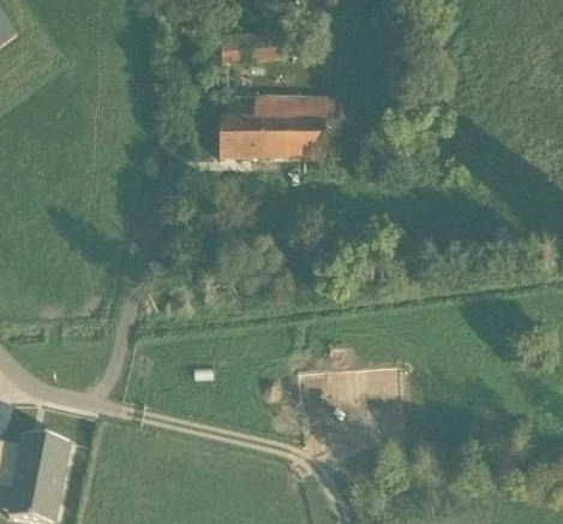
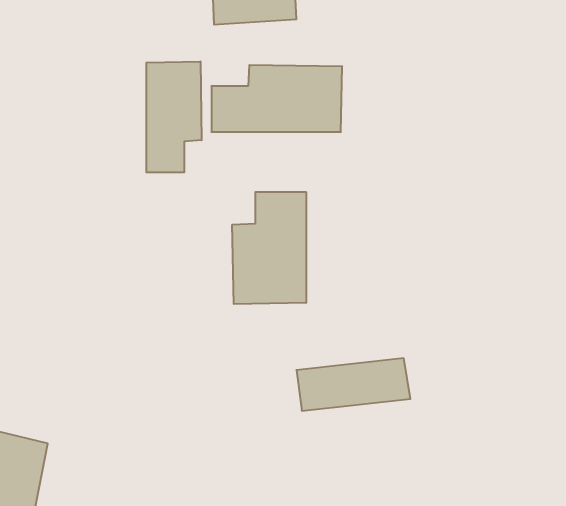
building: none -> [146,61,202,172]
building: none -> [232,192,306,304]

